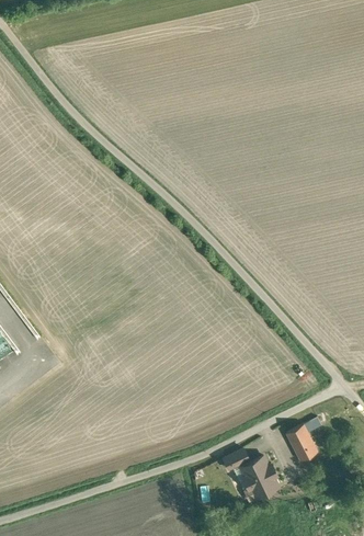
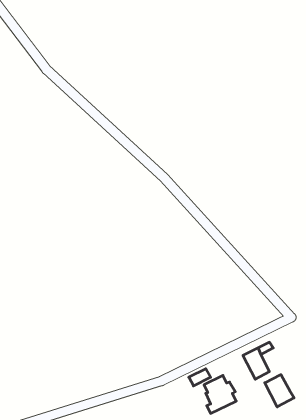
building: none -> [265,375,294,407]

